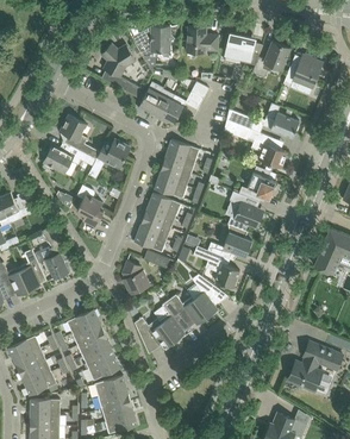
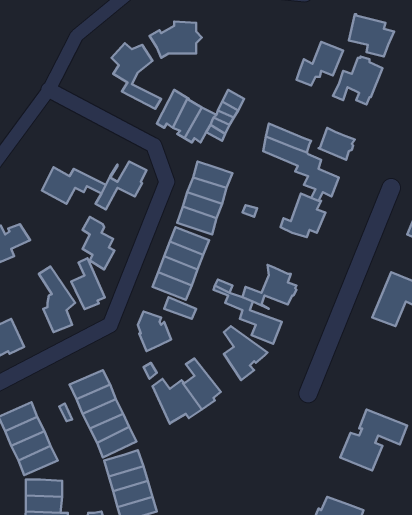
building: [186,26,218,54] -> none
building: [225,31,262,65] -> [349,14,394,56]
building: [58,114,99,158] -> none
building: [227,190,261,231] -> none
building: [18,249,45,290] -> [71,258,105,309]
building: [168,294,206,327] -> none

